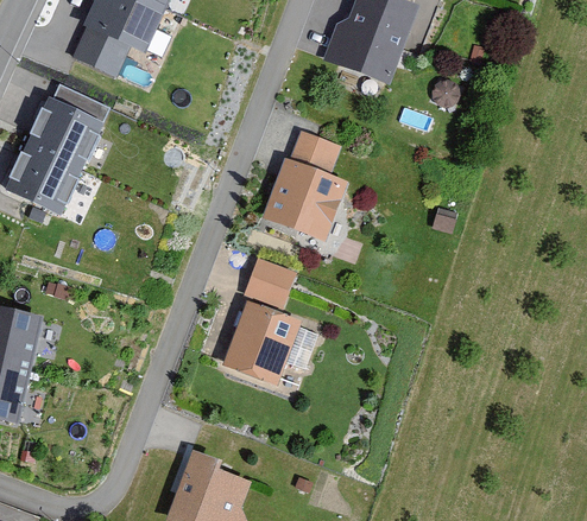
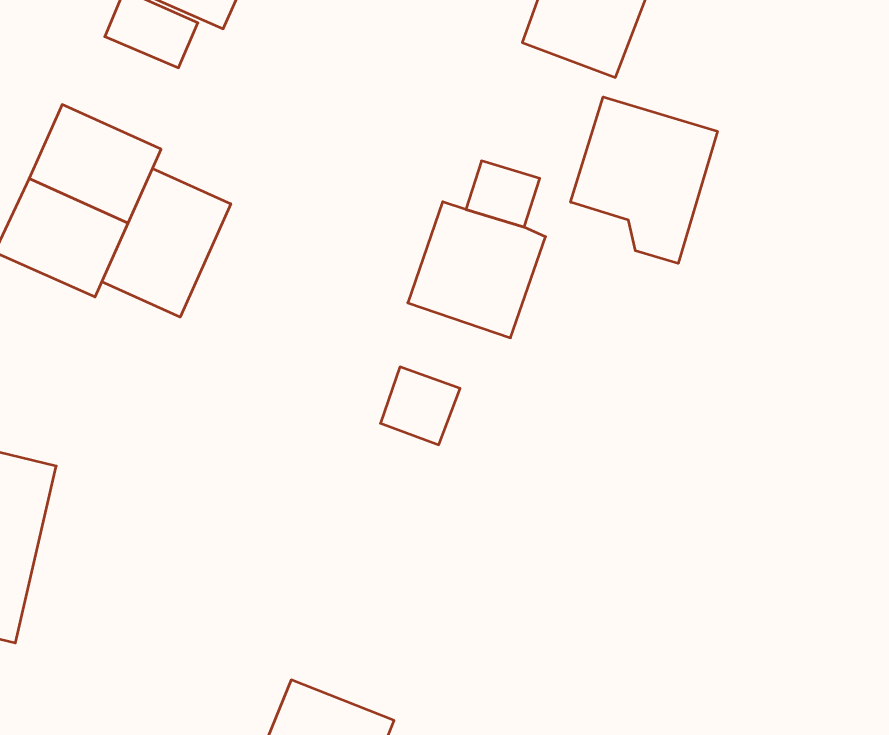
building: none -> [571,97,717,263]
building: none -> [102,168,231,317]
building: [222,300,298,385] -> none

